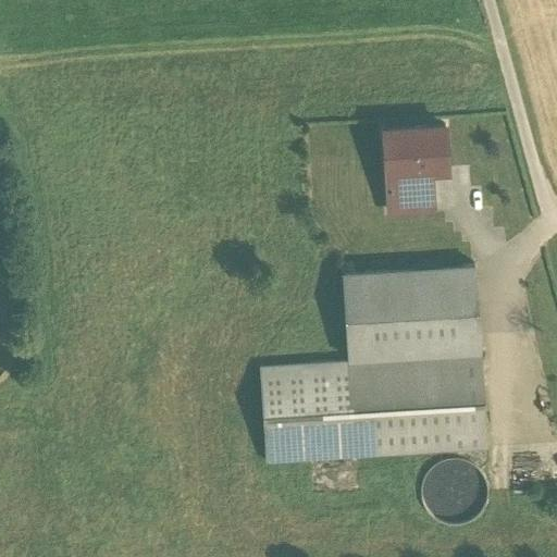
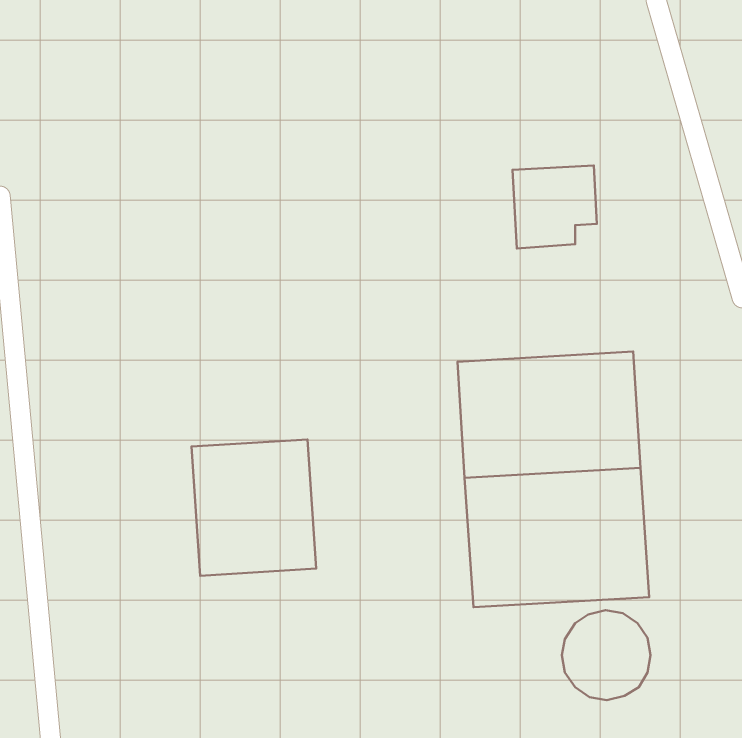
building: [387,186,433,213] -> none
building: [261,361,355,463] -> [191,439,316,576]

